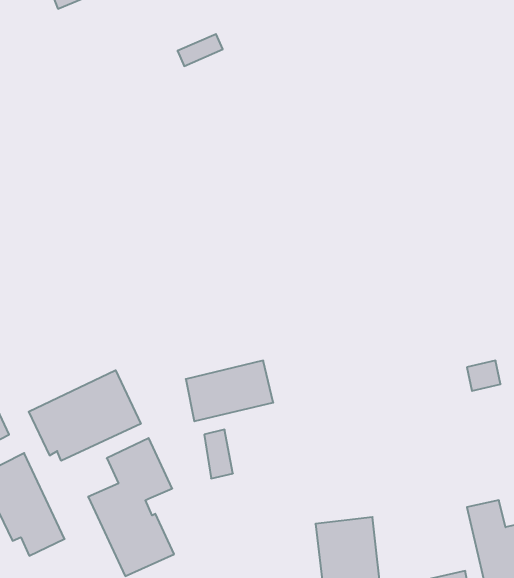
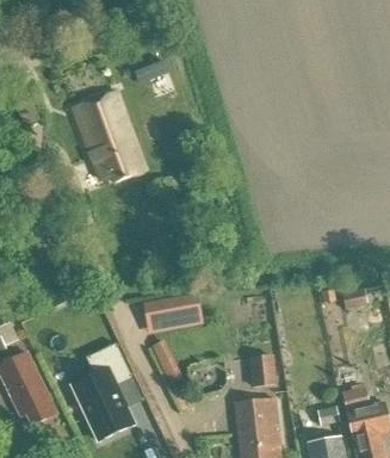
building: none -> [74,92,144,181]
building: [29,370,141,461] -> none
building: none -> [250,354,277,386]

